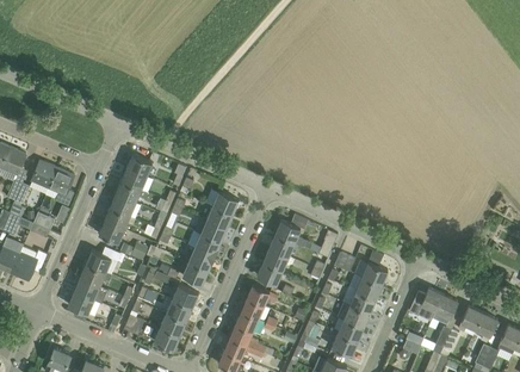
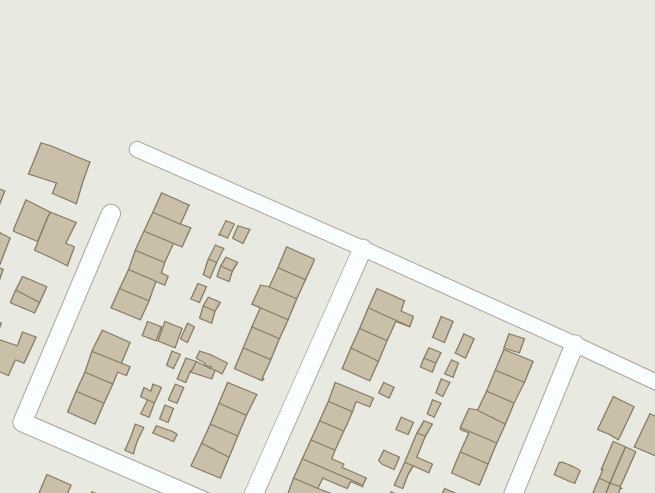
building: none -> [28,143,90,204]
building: [408,287,442,321] -> none

